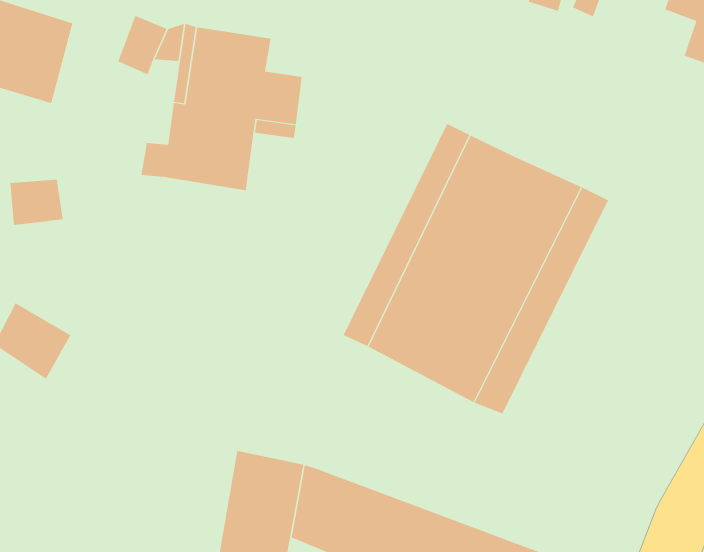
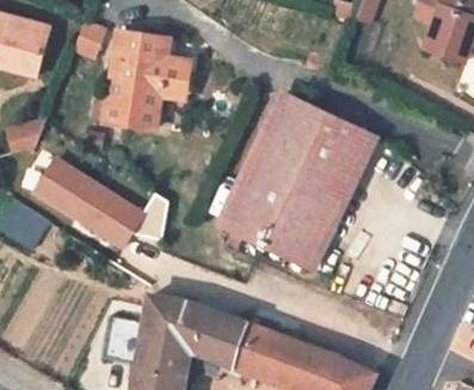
building: none -> [31,156,167,253]

